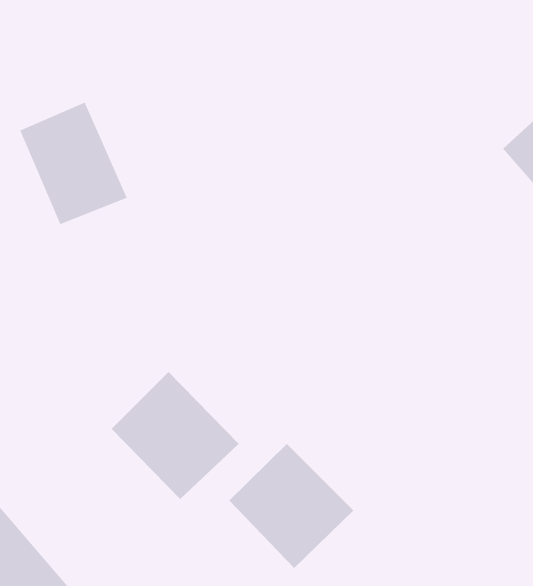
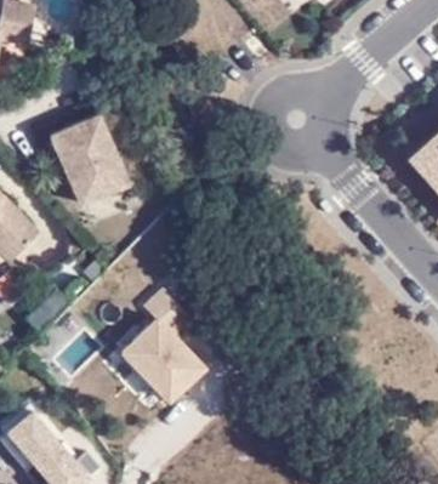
building: [228,443,354,569] -> none

